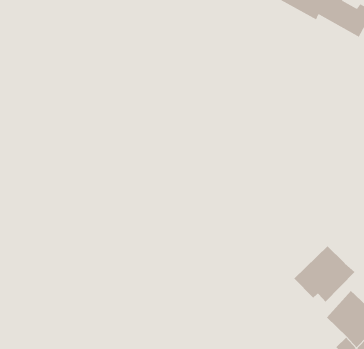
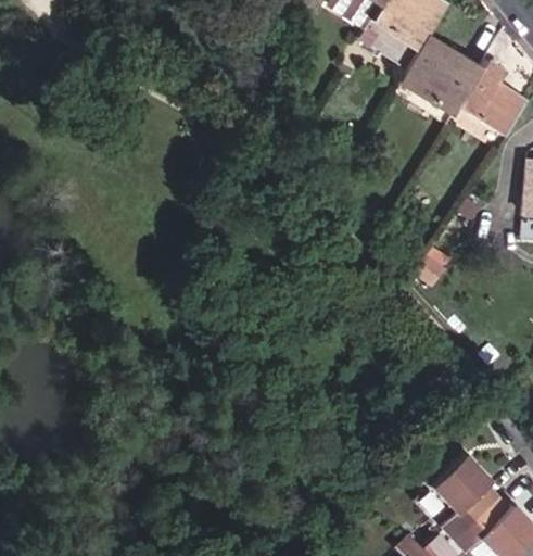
building: [294,245,356,303] -> none

